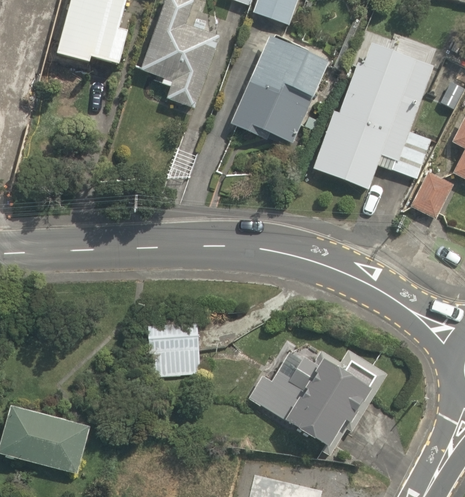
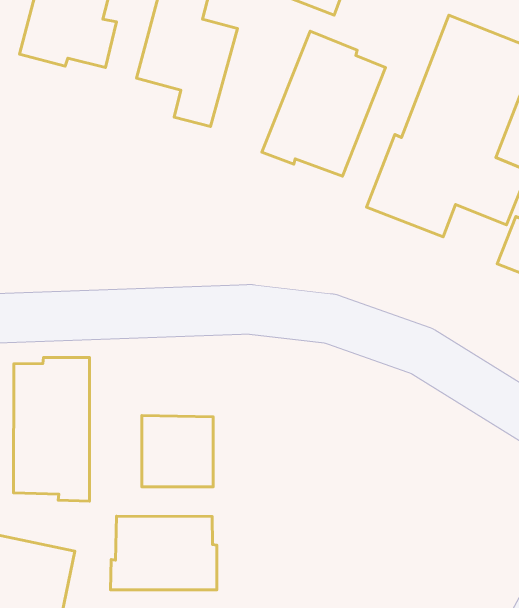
building: none -> [13,357,90,501]
building: [246,347,381,446] -> none
building: none -> [110,516,217,590]

